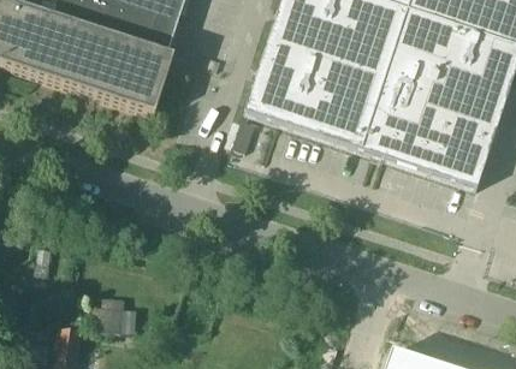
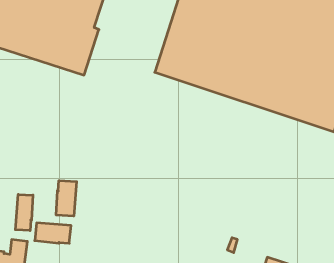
building: none -> [56,181,77,216]
building: none -> [15,194,33,231]

